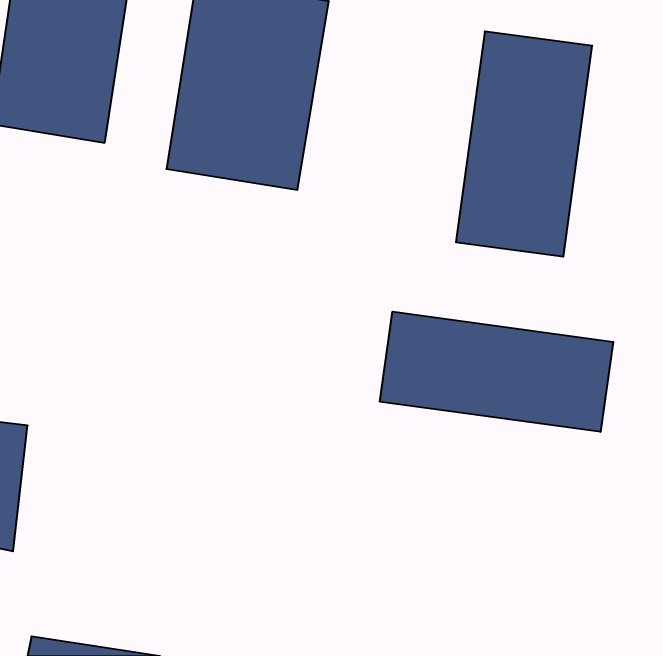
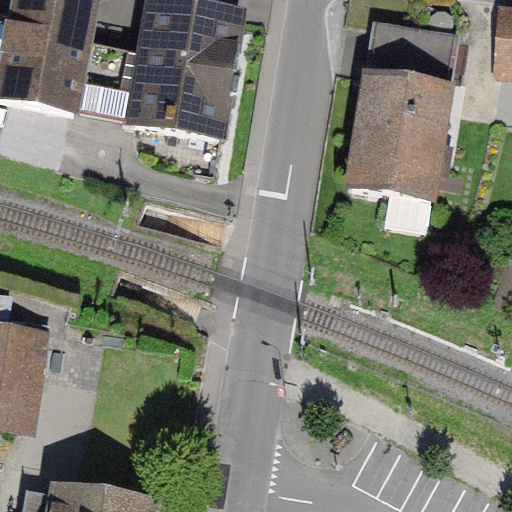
building: [380,312,613,432] -> none

